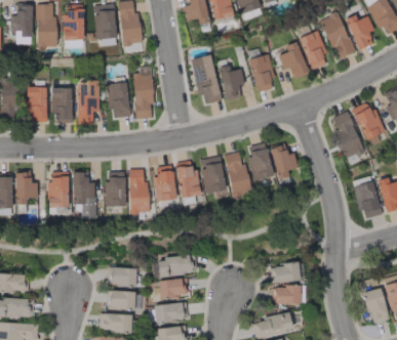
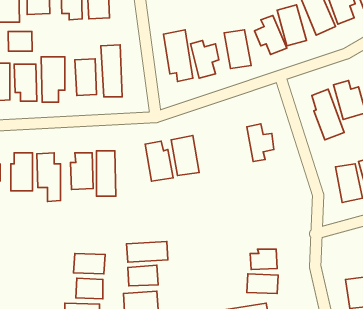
building: none -> [8,31,32,51]
building: [246,143,273,181] -> none
building: [224,152,251,198] -> none
building: [153,166,175,202] -> none

